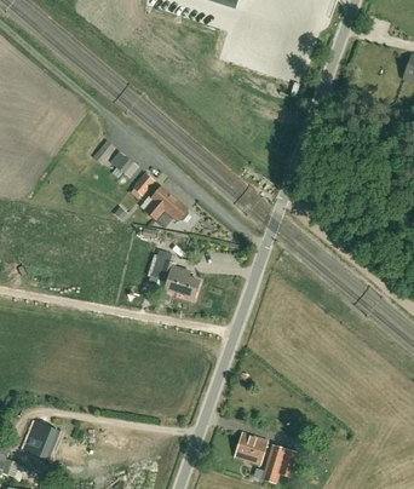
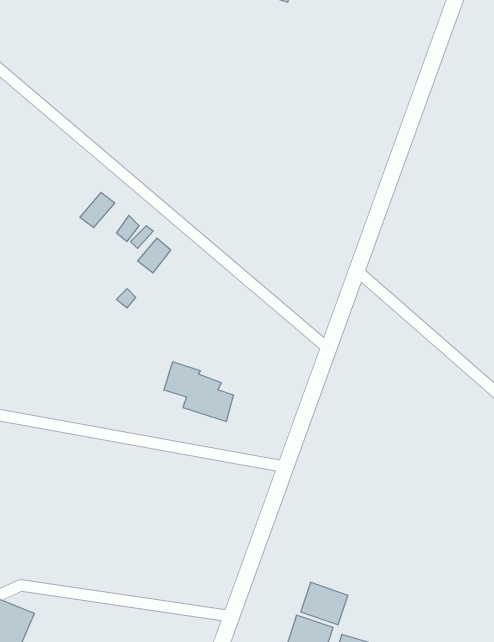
building: [144,185,186,219] -> none
building: none -> [301,582,348,625]

